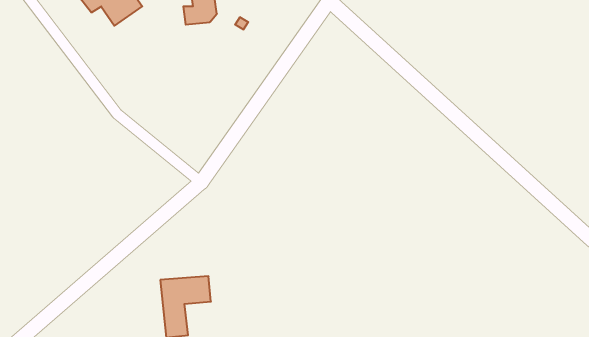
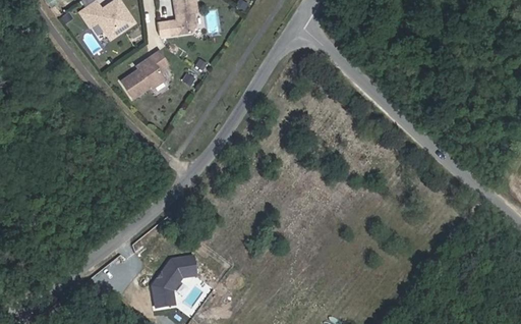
building: none -> [123,50,171,97]

